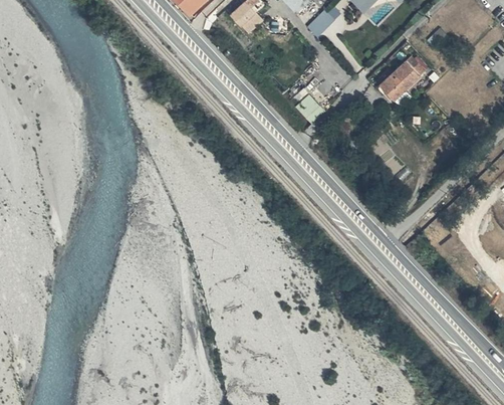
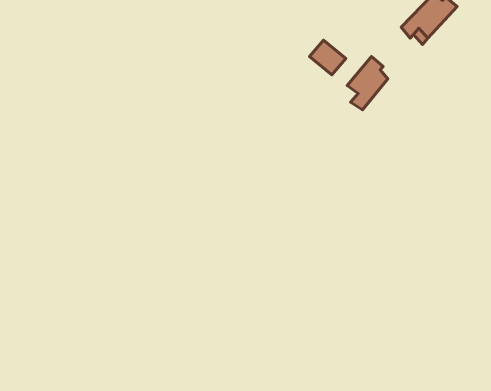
building: none -> [347,56,388,110]

